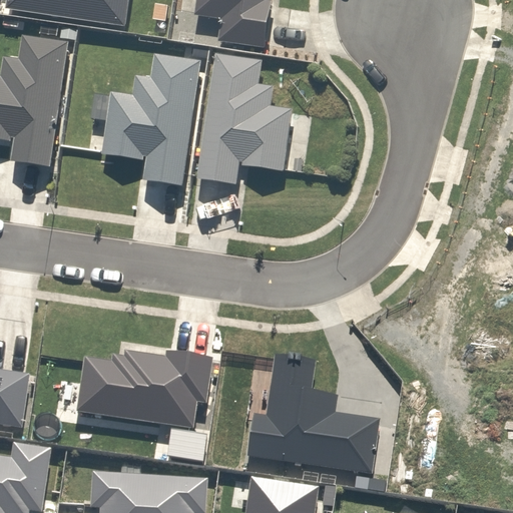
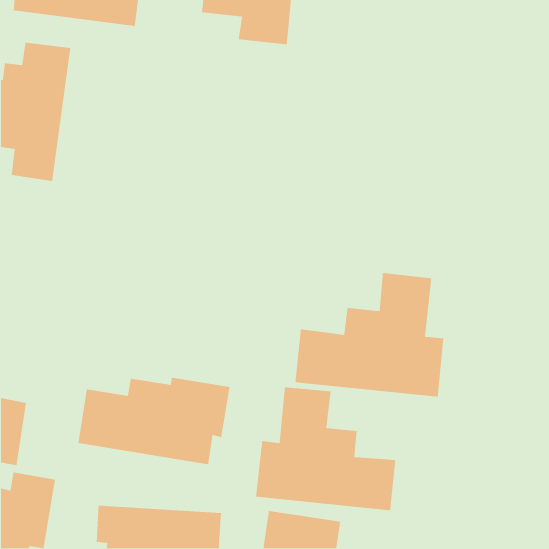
building: [196,58,290,189] -> none
building: [101,59,200,188] -> none
building: none -> [295,272,444,398]

